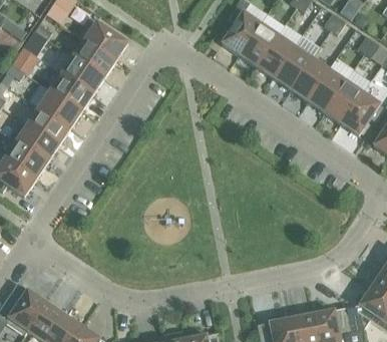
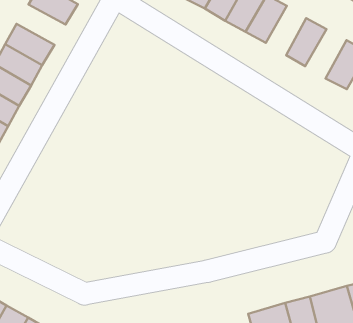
building: [72,39,115,76] -> none
building: [290,57,327,100] -> none
building: [323,80,361,123] -> none

